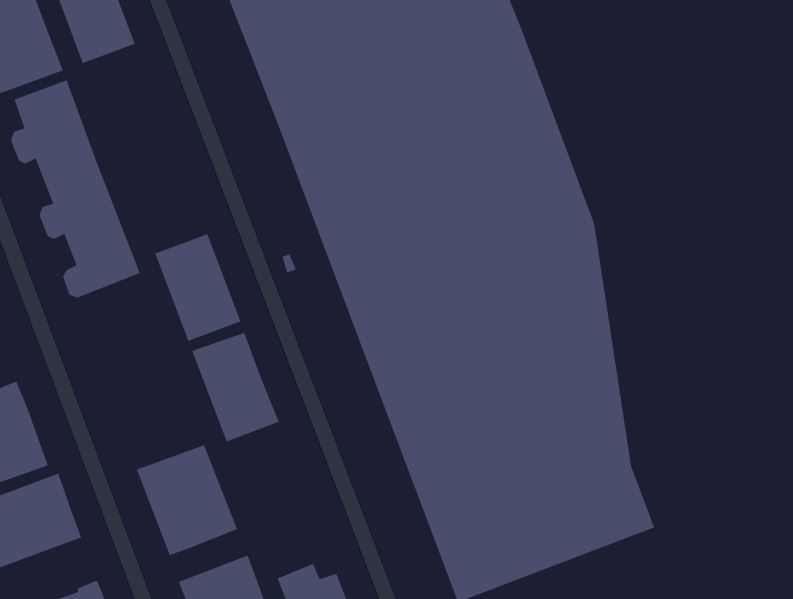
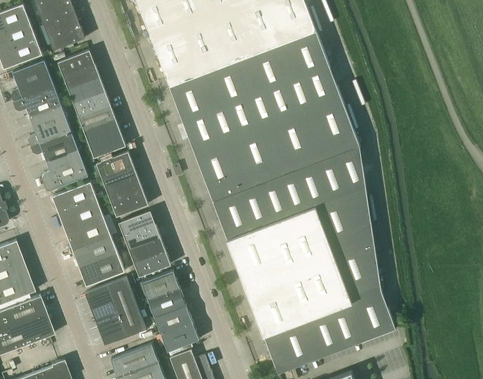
building: none -> [58,51,125,158]
building: none -> [52,182,124,287]
building: none -> [141,271,200,352]

